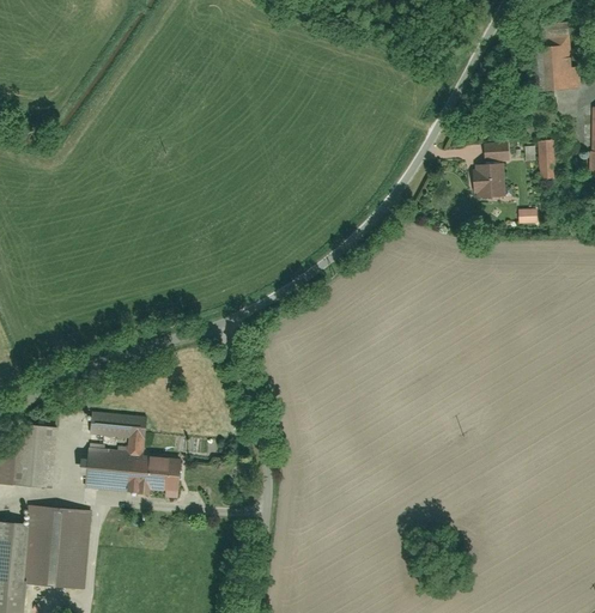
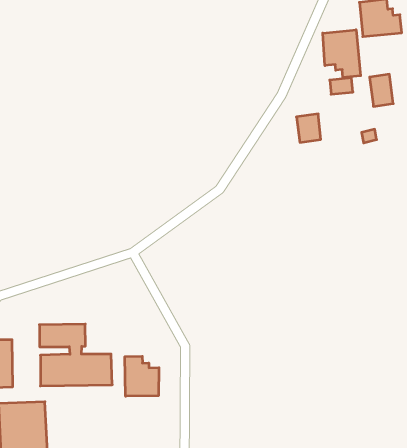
building: none -> [323,30,361,77]
building: [474,164,502,198] -> [296,114,321,142]
building: none -> [125,356,159,396]

